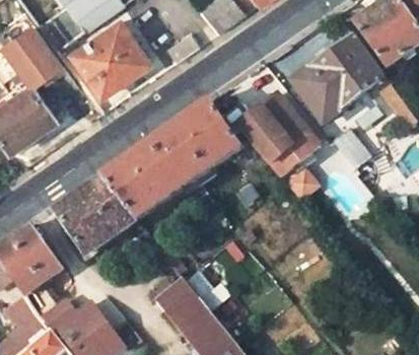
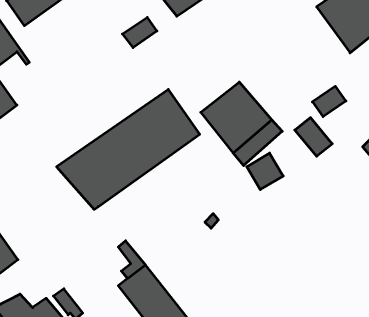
building: [72,22,146,95] -> none
building: [292,40,394,124] -> none
building: [53,180,135,257] -> none

